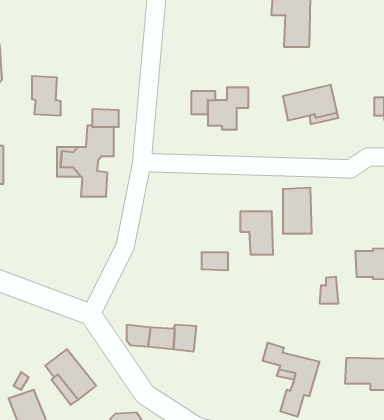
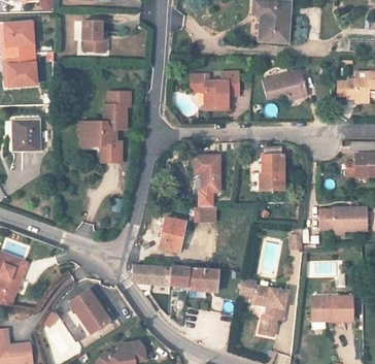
building: [32,76,61,115] -> [80,20,104,52]
building: [240,211,273,255] -> [197,158,224,193]
building: none -> [164,219,191,253]
building: none -> [193,268,224,293]

